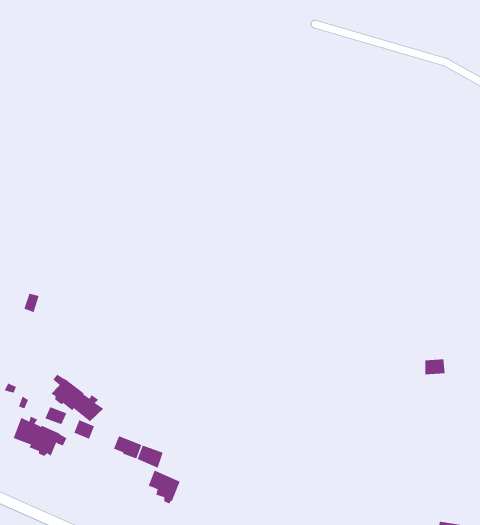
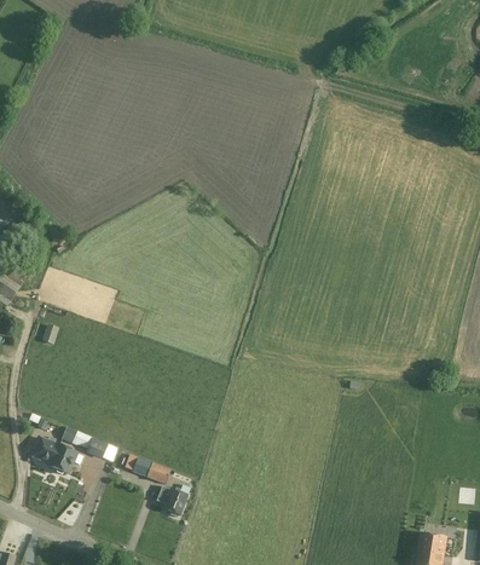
building: [50,374,104,422] -> none

